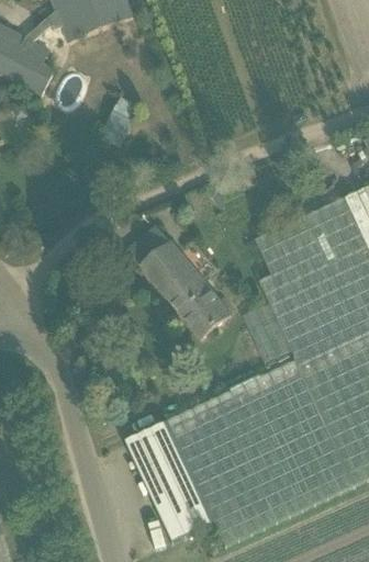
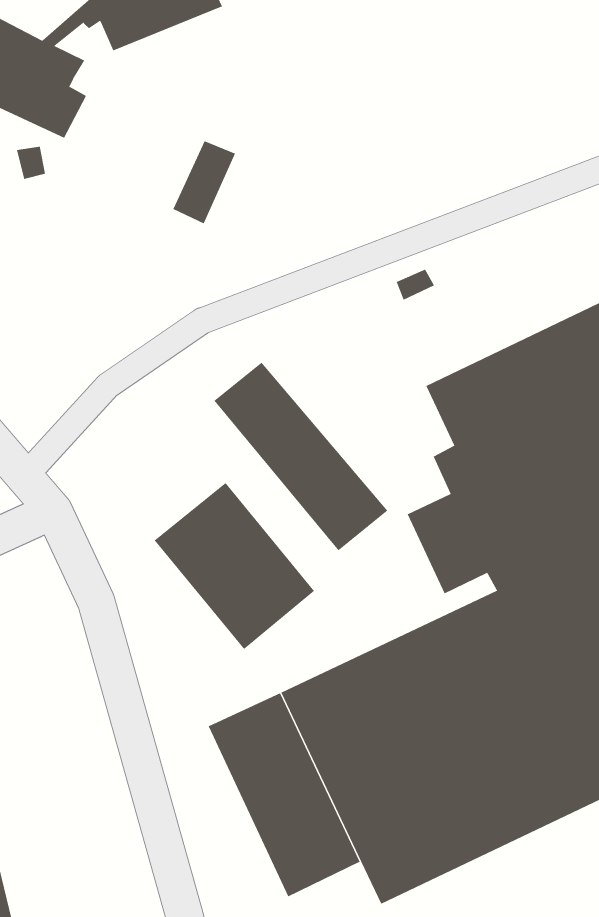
building: none -> [154,482,315,650]

